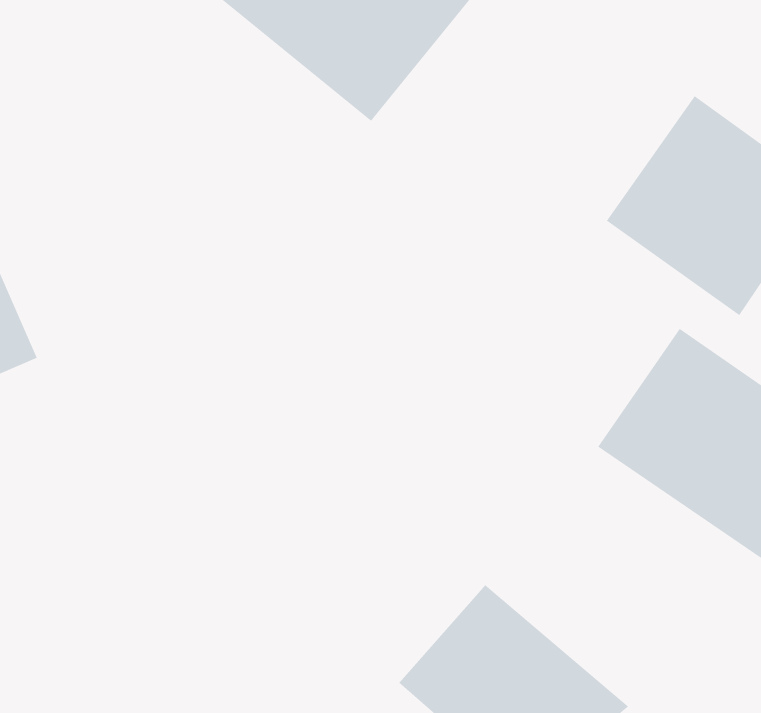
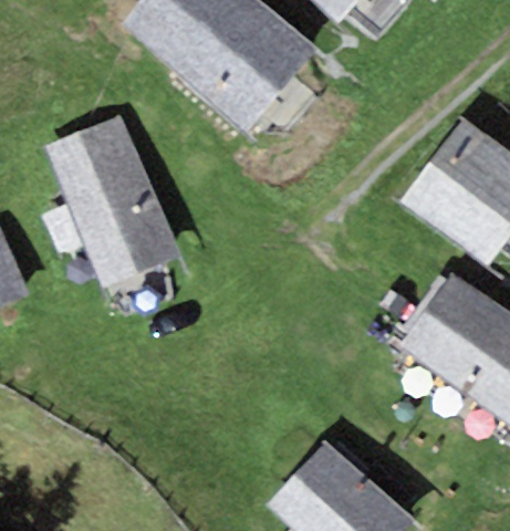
building: none -> [45,117,181,289]

